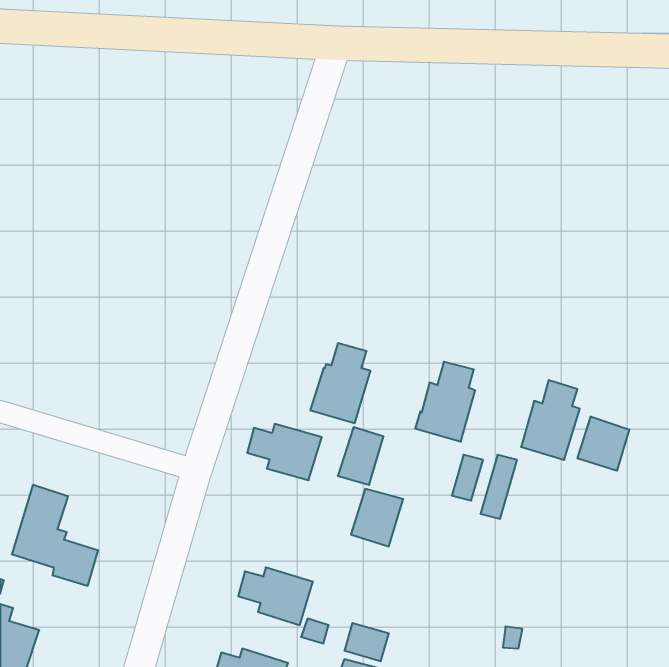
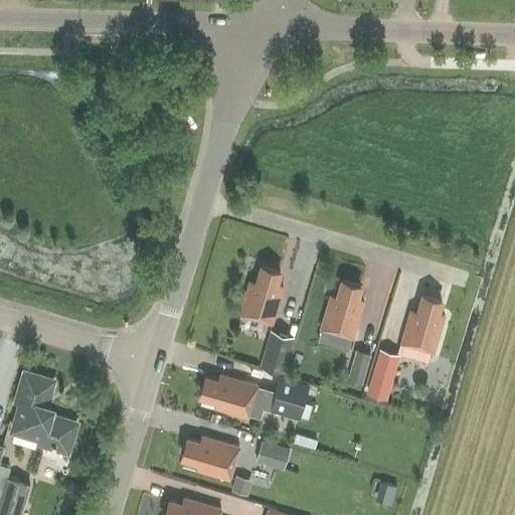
building: [578,416,629,471] -> none
building: [247,424,322,480] -> [201,376,259,419]
building: [344,623,389,661] -> [255,442,290,471]

